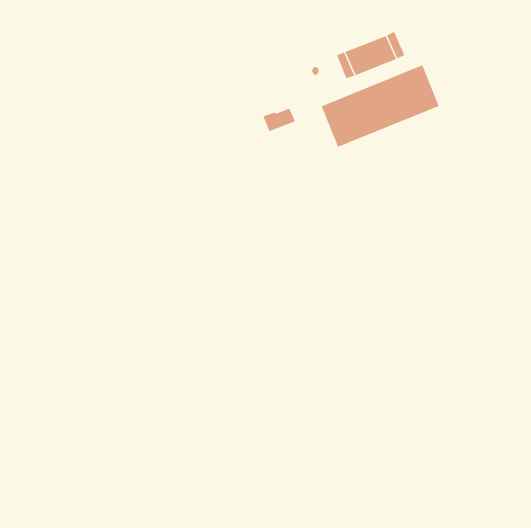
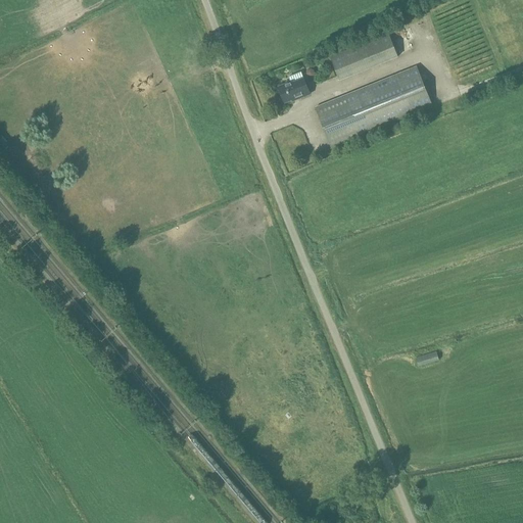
building: [263,108,296,132] -> [277,76,310,99]

